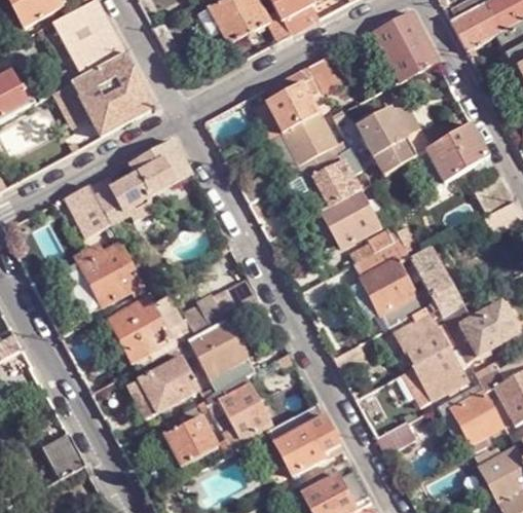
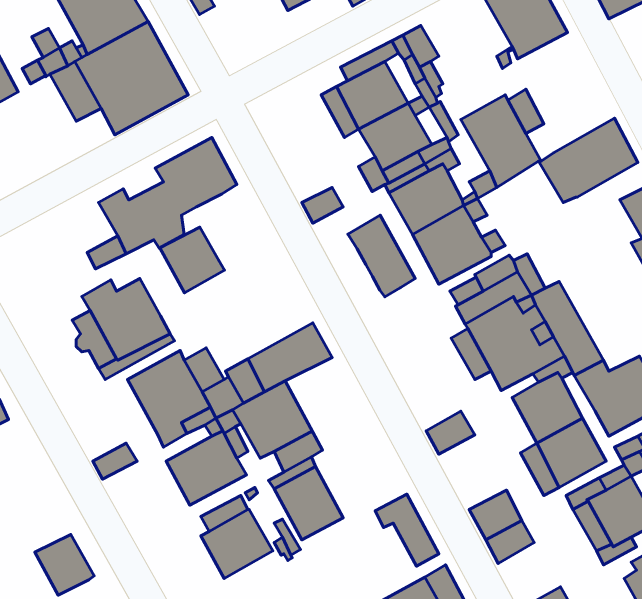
building: [65,185,103,224] -> none
building: none -> [348,215,415,297]
building: none -> [160,227,224,293]
building: [269,416,325,475] -> none

